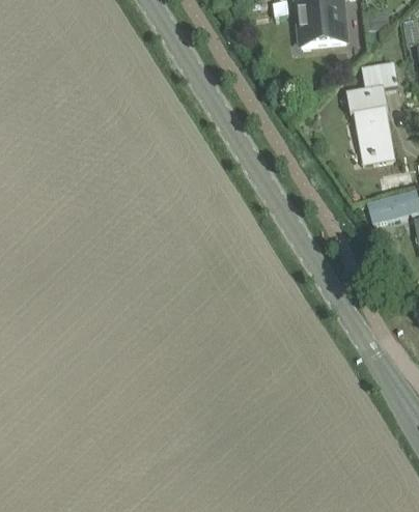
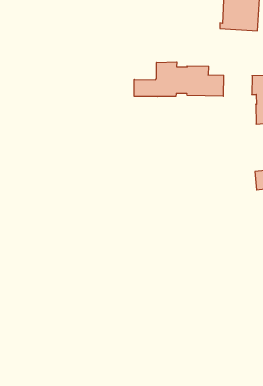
building: none -> [134,62,224,97]

